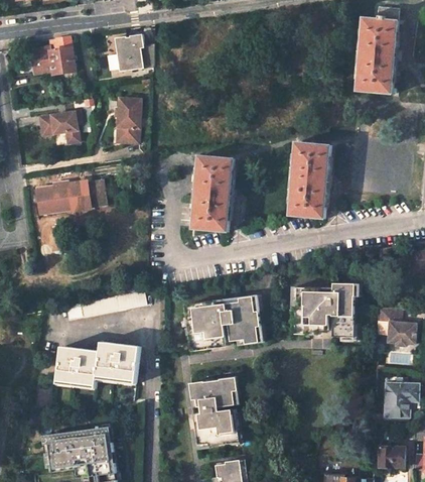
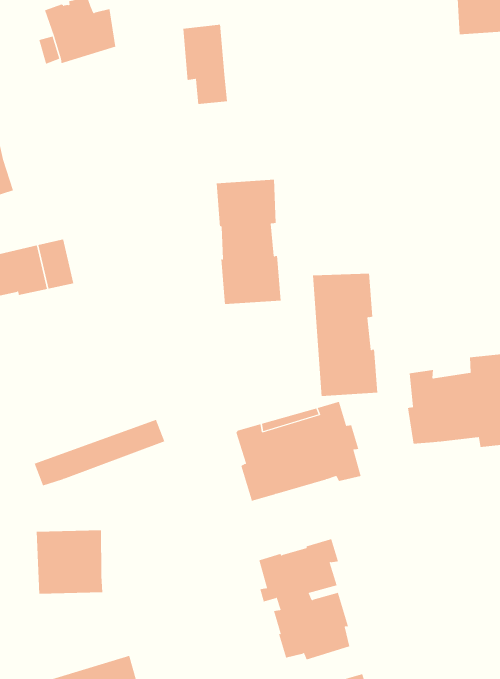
building: [118,100,143,147] -> [182,24,228,104]
building: [289,142,329,218] -> [312,273,378,397]
building: [96,342,139,383] -> none

